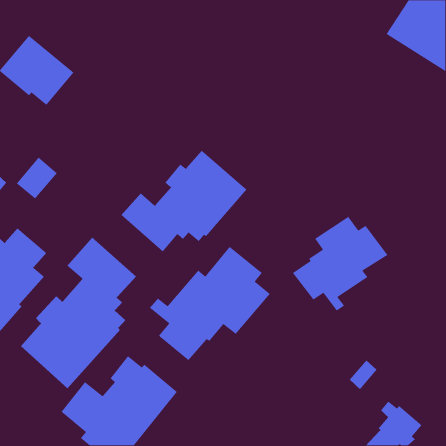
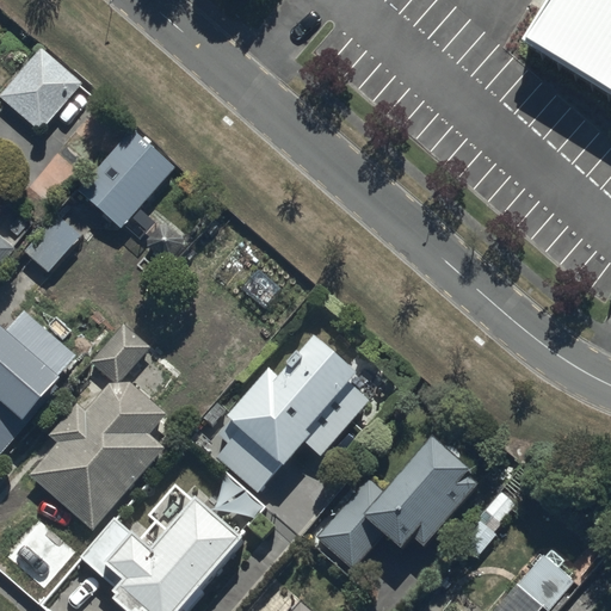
building: none -> [75,123,177,228]
building: [120,150,248,253] -> none
building: [292,216,388,311] -> none
building: none -> [317,437,480,568]

